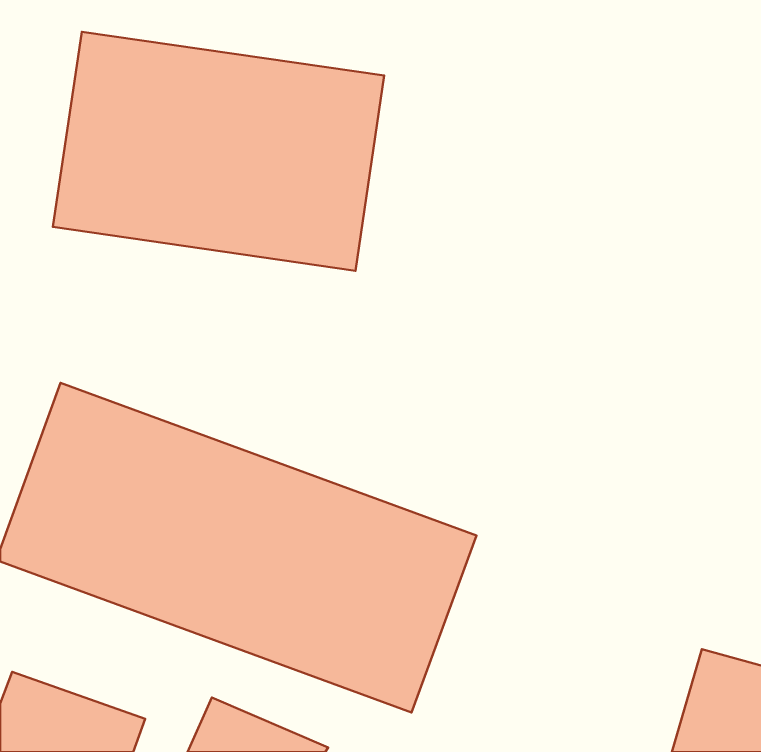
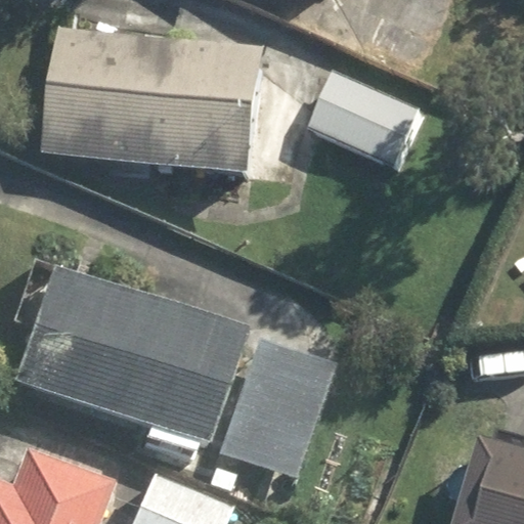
building: none -> [307,64,428,168]

